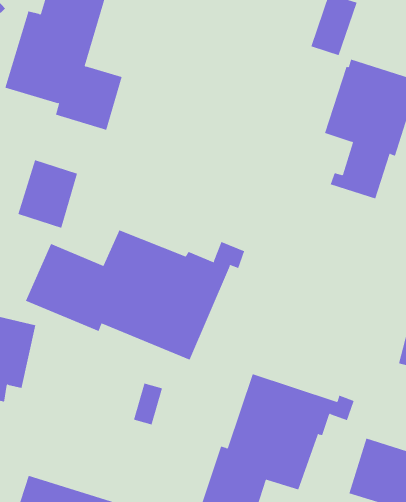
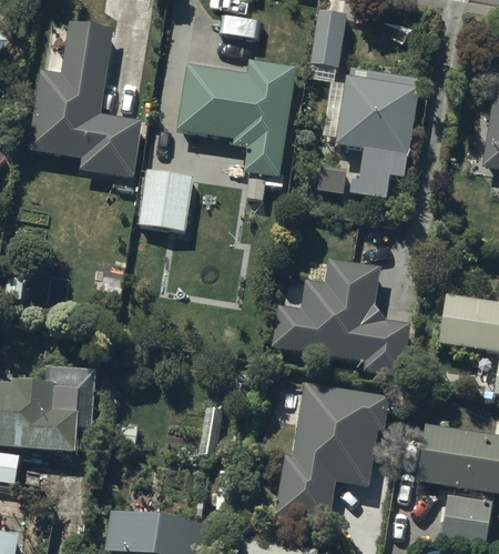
building: none -> [179,60,295,178]
building: [17,159,78,228] -> [140,170,191,231]
building: [25,230,245,360] -> none
building: none -> [273,259,408,375]

